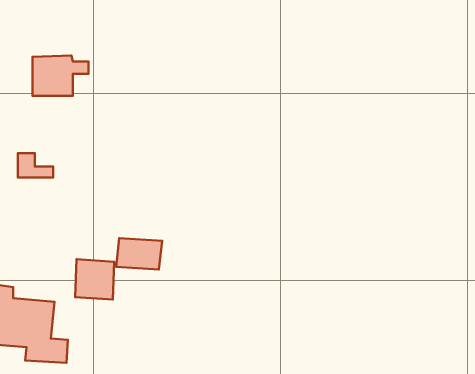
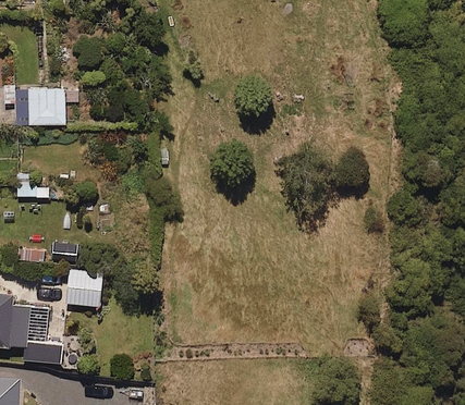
building: [116,238,162,270] -> none

